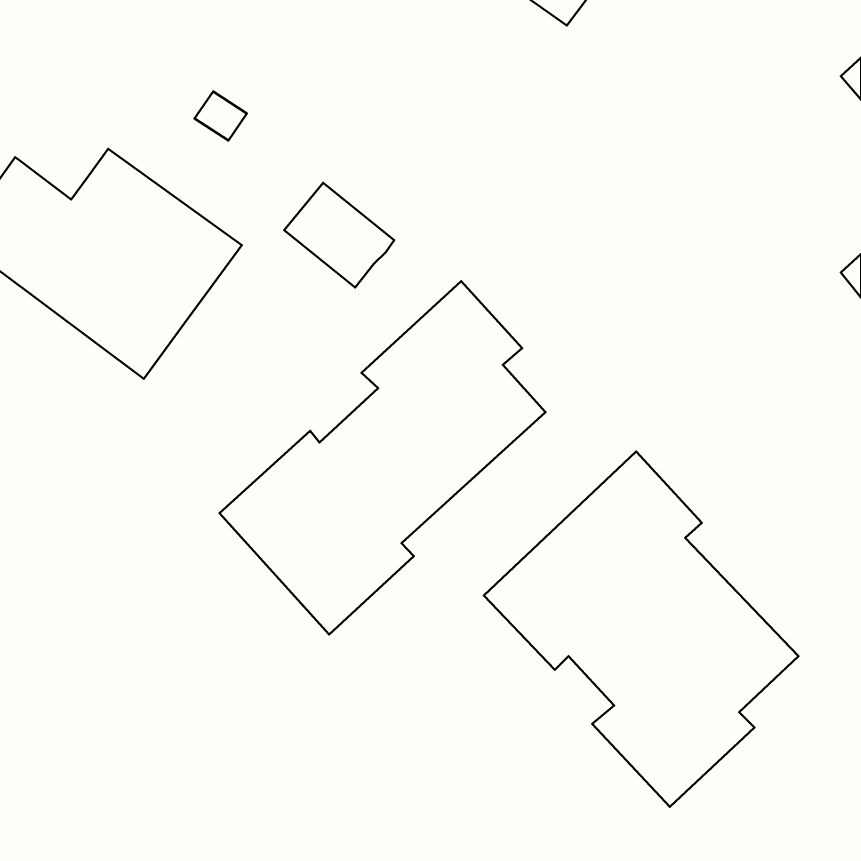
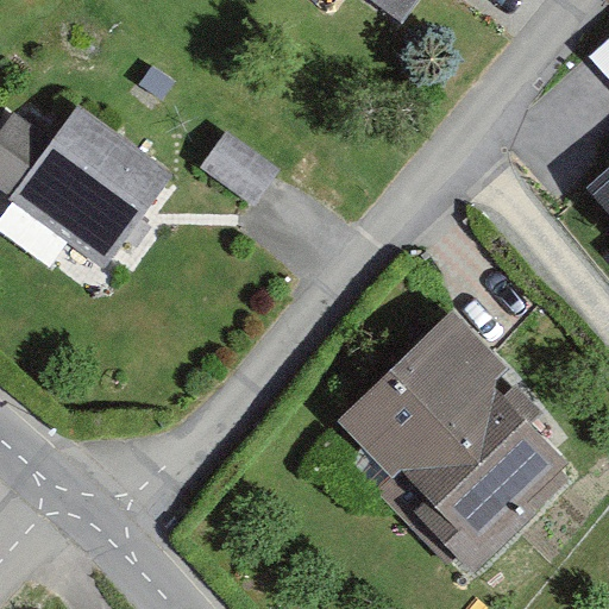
building: [220,281,546,635] -> none

